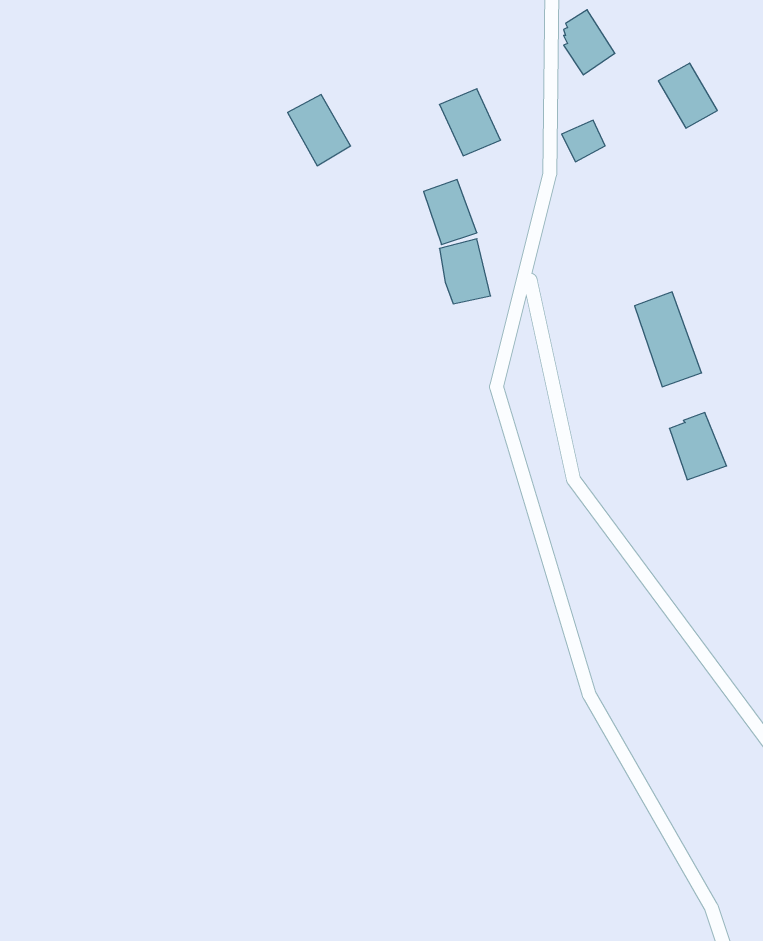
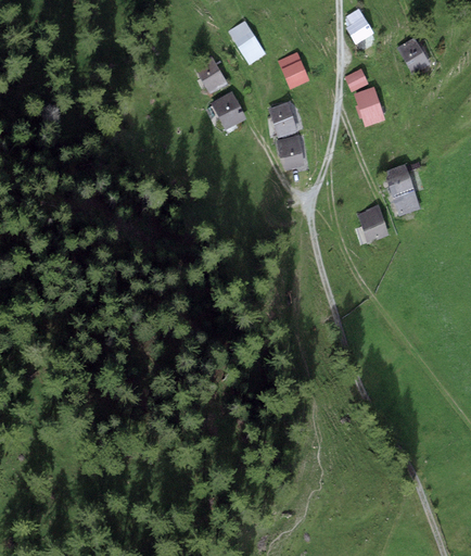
building: none -> [228,21,267,65]
building: none -> [354,87,385,127]
building: none -> [211,91,246,129]
building: [669,413,727,480] -> [358,205,390,242]

